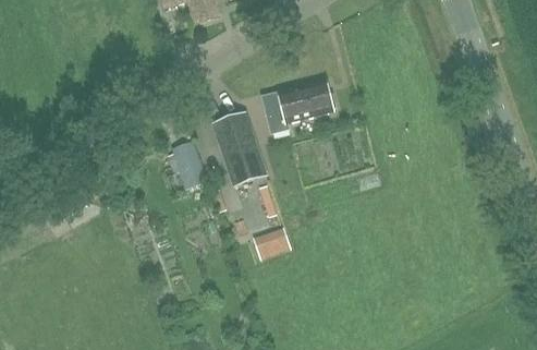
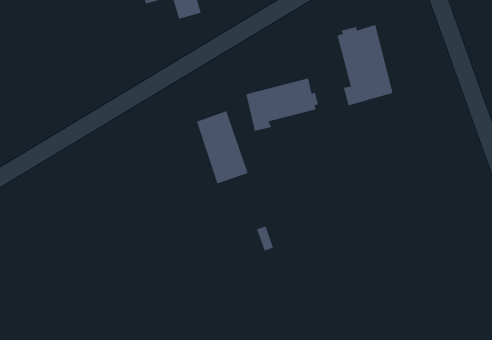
building: none -> [337,24,393,106]
building: [171,141,204,184] -> none

